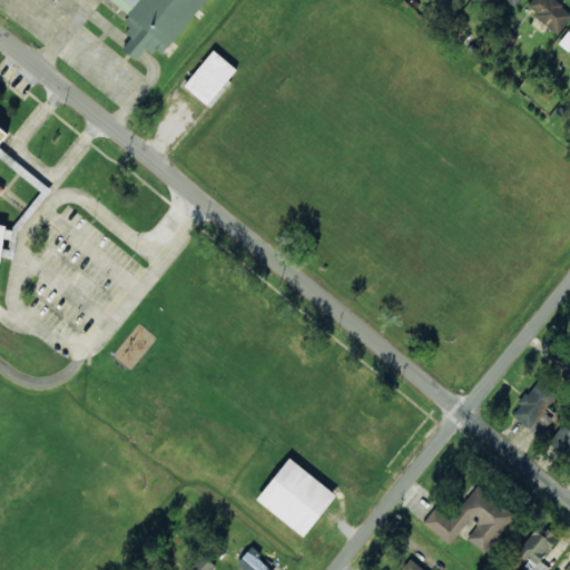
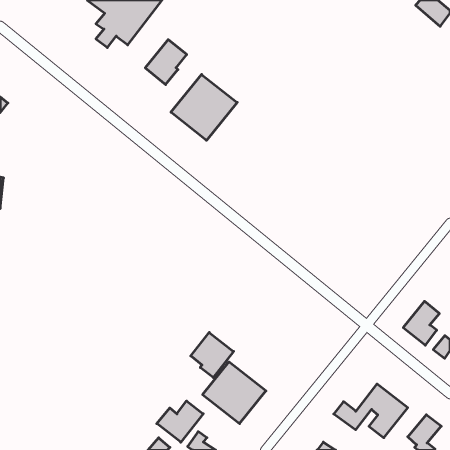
building: none -> [171,74,237,140]
building: none -> [191,332,234,378]
building: none -> [157,401,203,442]

